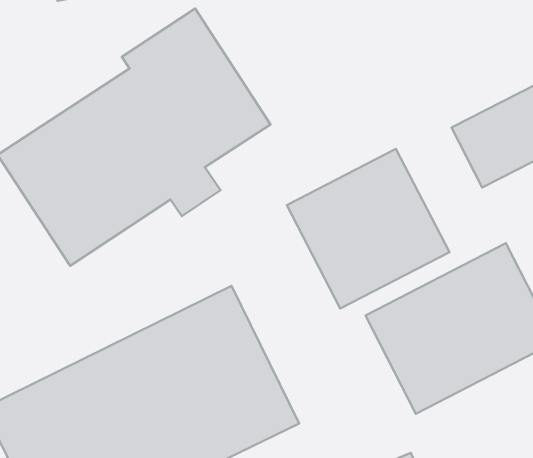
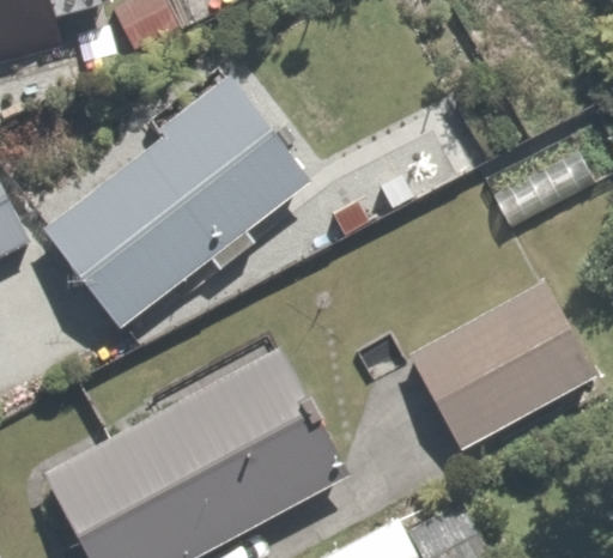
building: [287,149,449,308] -> none

